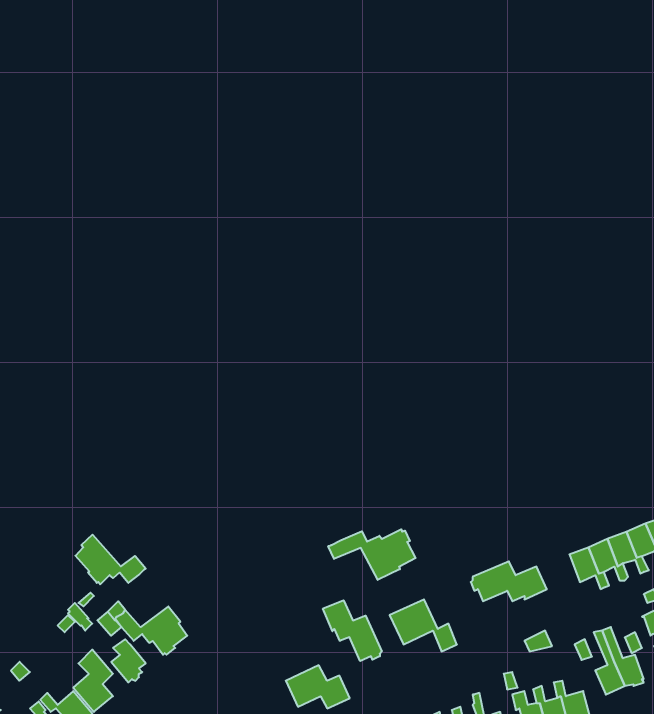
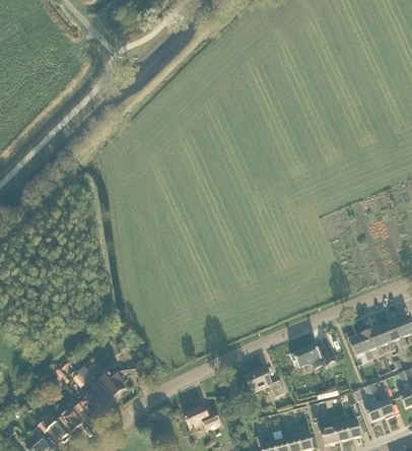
building: [328,529,416,580] -> none
building: [75,535,146,584] -> none
building: [323,600,382,661] -> none

